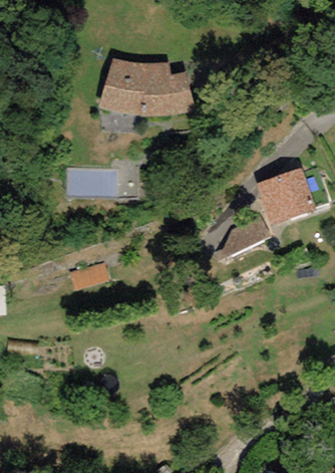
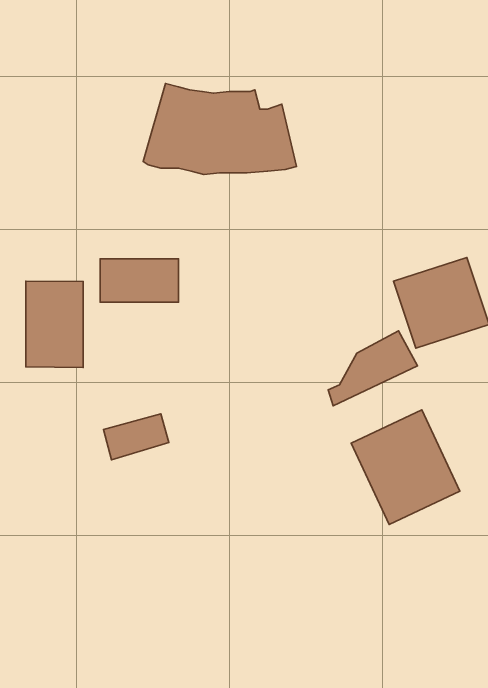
building: none -> [26,281,83,368]
building: none -> [351,410,460,525]

